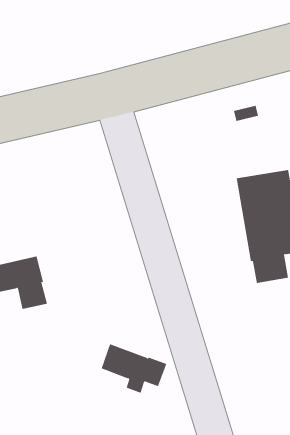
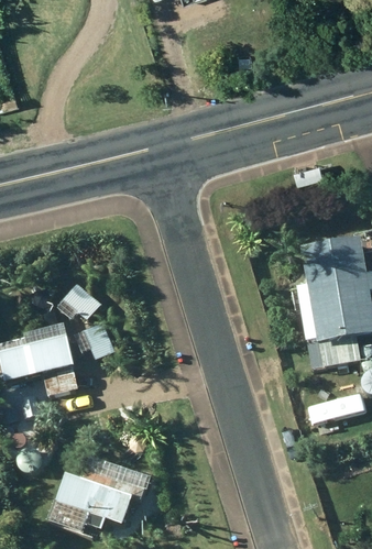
building: [101,344,167,393] -> [56,470,132,527]

